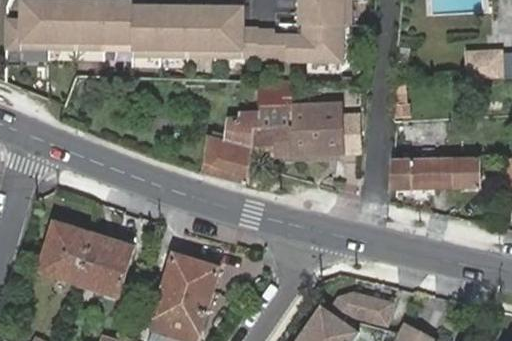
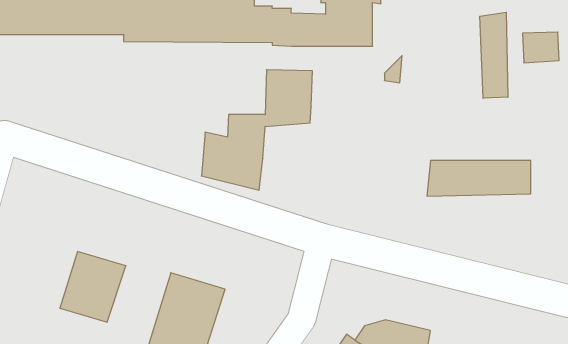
building: none -> [480,12,508,98]
building: [250,108,340,155] -> none
building: [40,221,93,282] -> none

